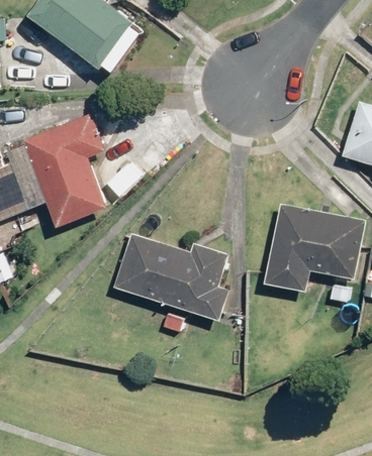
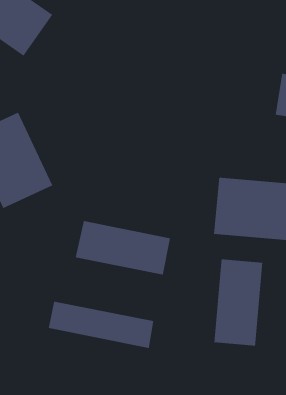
building: none -> [214,258,263,347]
building: none -> [48,301,154,349]

